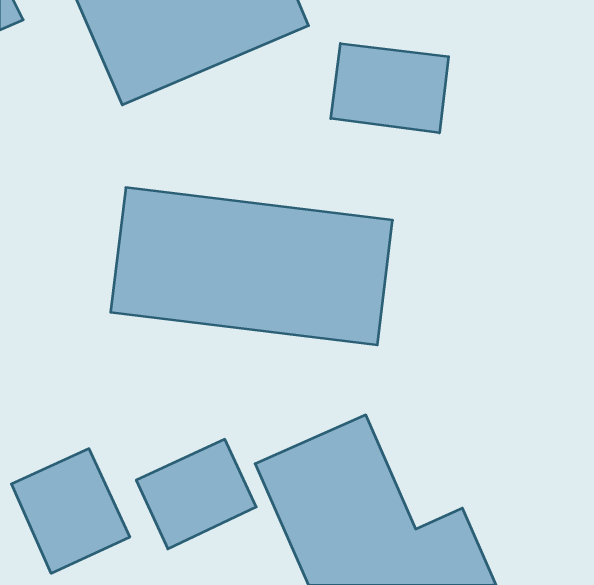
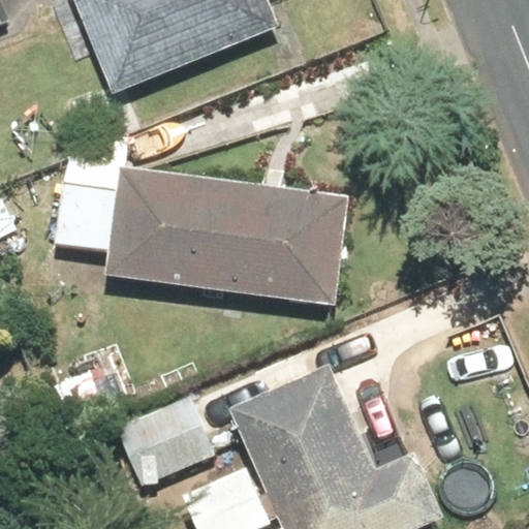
building: [331,43,449,133] -> none
building: [11,449,130,573] -> none

